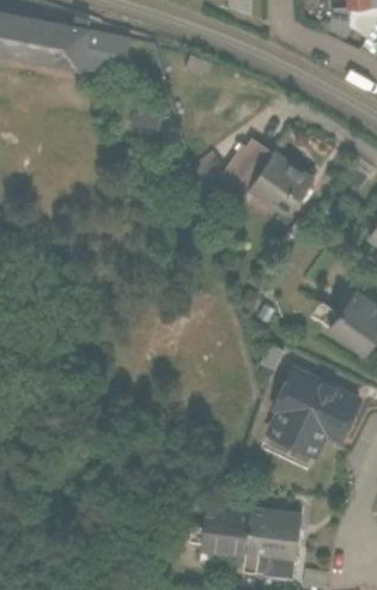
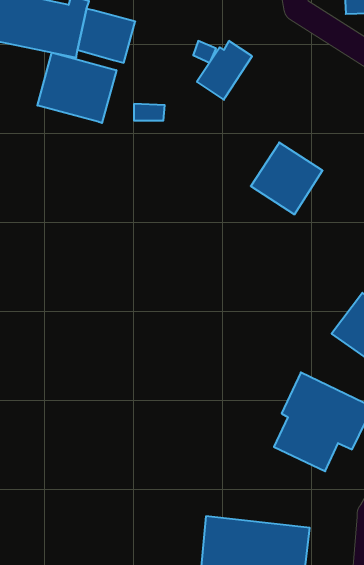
building: none -> [37,53,116,123]
building: [219,140,270,195] -> [197,41,252,100]

